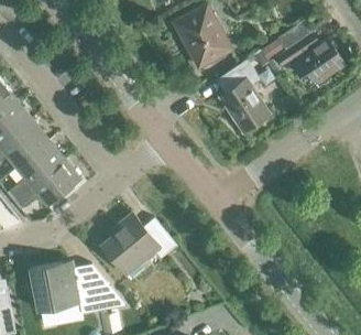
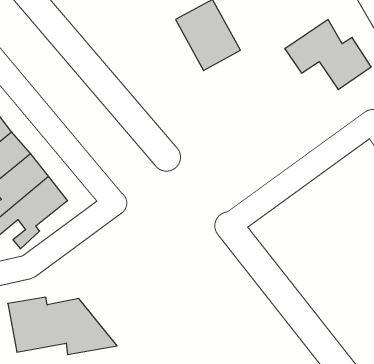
building: [218,61,270,133] -> none
building: [100,214,175,275] -> none

